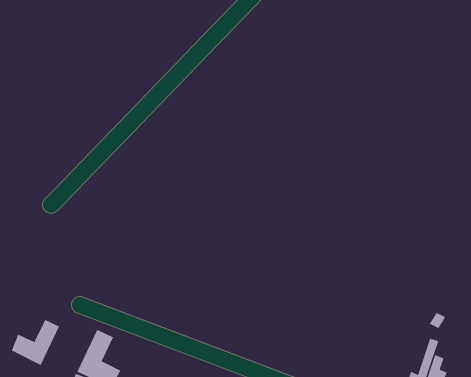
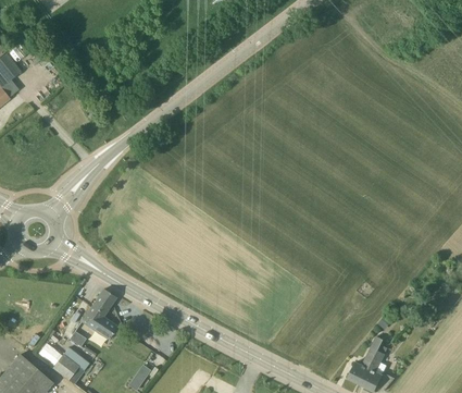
building: [11,319,60,366] -> none

